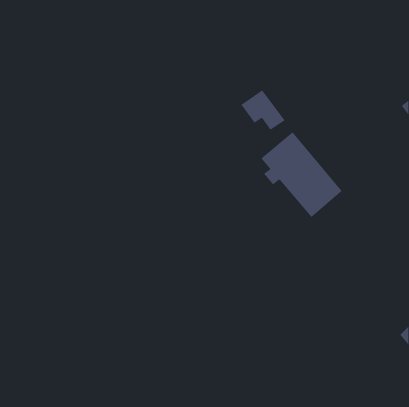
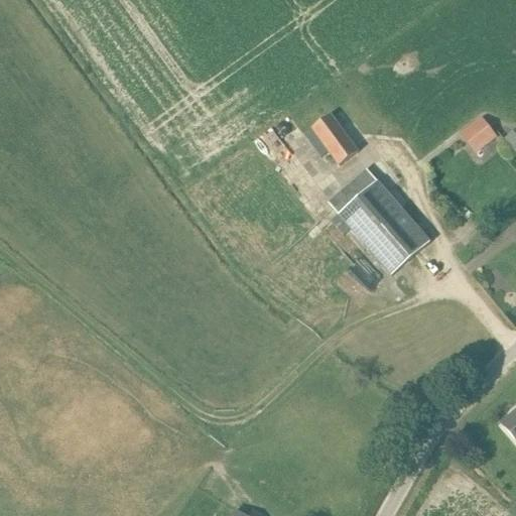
building: none -> [460,116,495,150]

